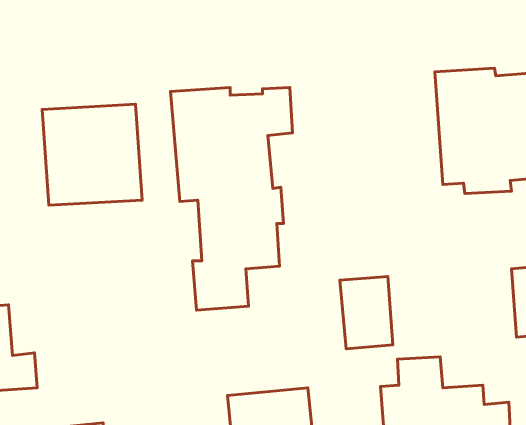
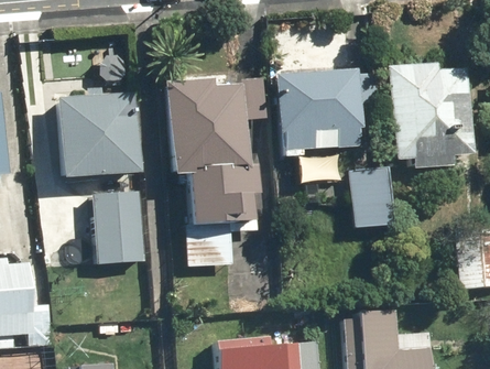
building: none -> [280,67,381,155]
building: none -> [89,189,142,264]
building: [340,276,393,349] -> [350,165,395,227]

